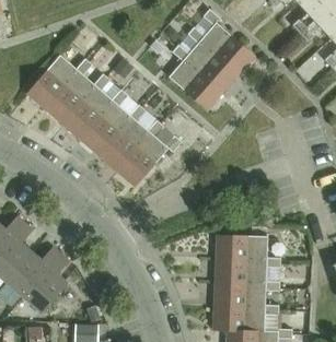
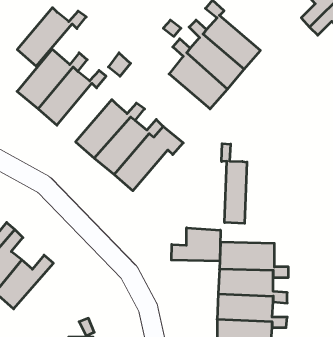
building: [63,85,128,140] -> [17,8,86,66]
building: none -> [222,144,247,223]
building: none -> [171,228,220,261]
building: [23,253,68,311] -> none

